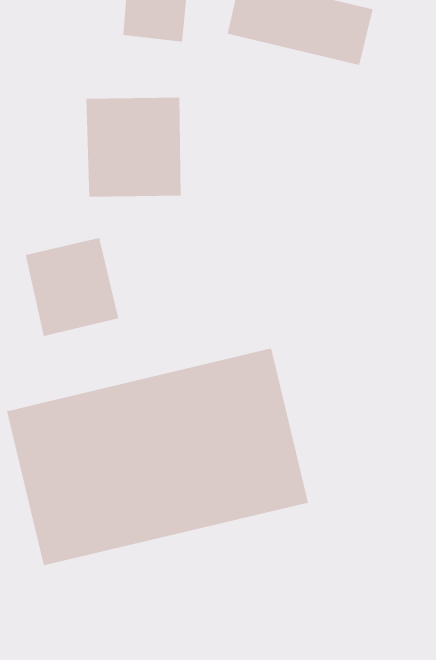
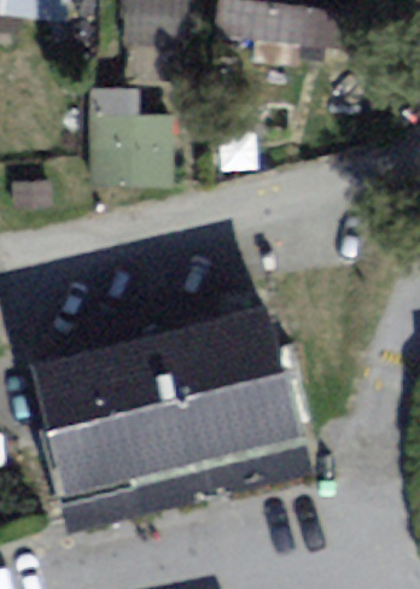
building: [25,237,119,337] -> none

